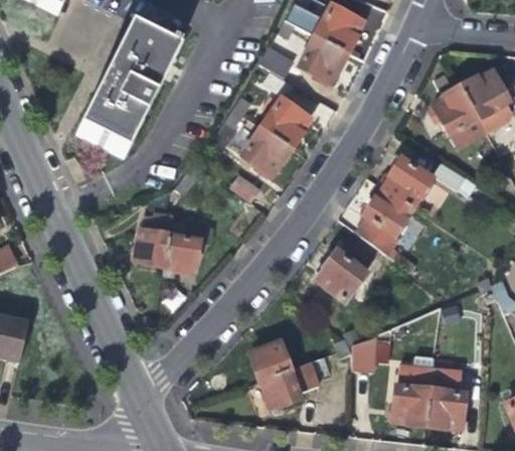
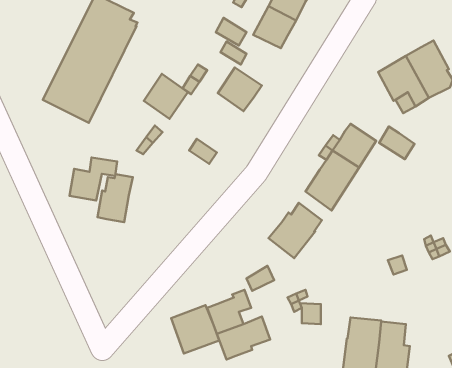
building: [242,127,289,174] -> [144,74,188,119]
building: [163,222,213,268] -> [69,158,117,200]
building: none -> [171,305,219,353]

